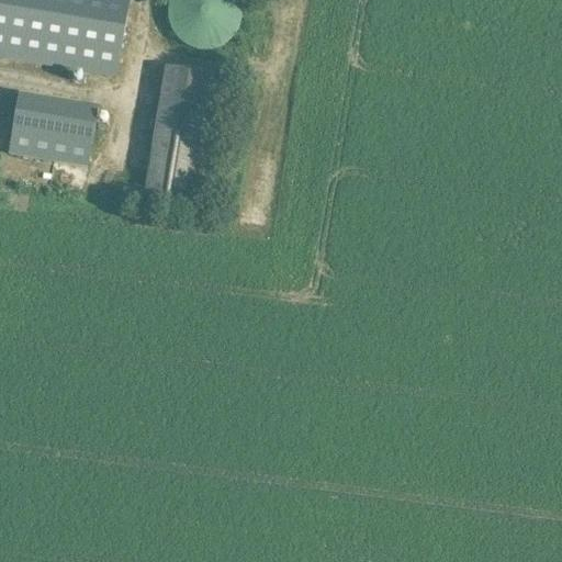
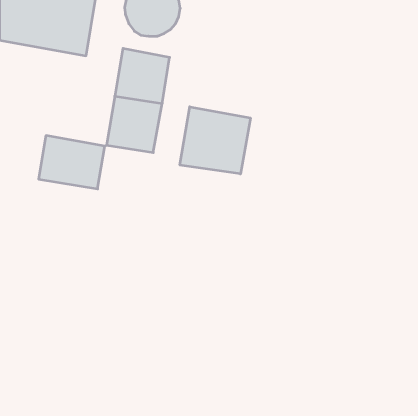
building: [8,92,97,164] -> [39,136,105,189]
building: none -> [180,107,250,174]

